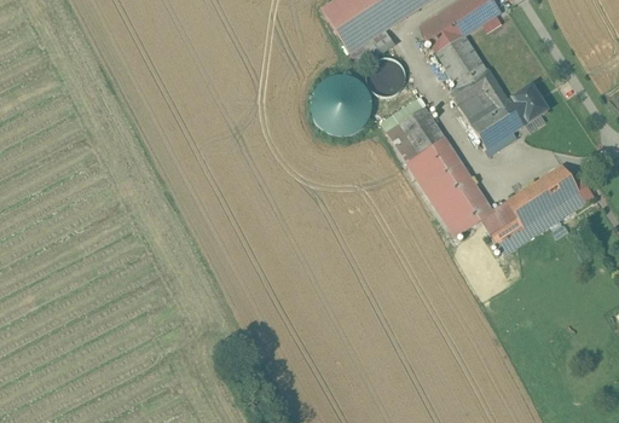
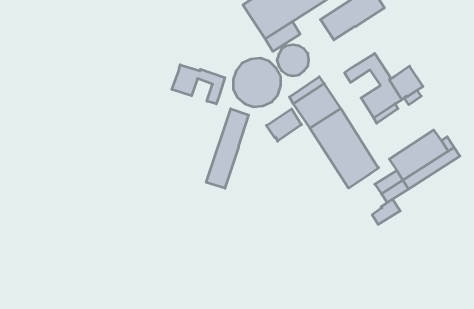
building: [436,34,486,86] -> none
building: none -> [172,65,225,104]
building: [457,88,494,123] -> none
building: none -> [206,109,249,188]
building: none -> [266,109,302,141]
building: [480,199,515,231] -> [372,199,400,224]

